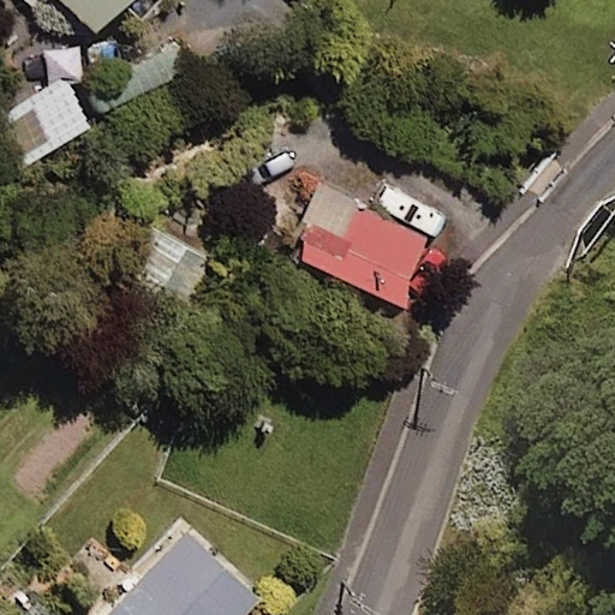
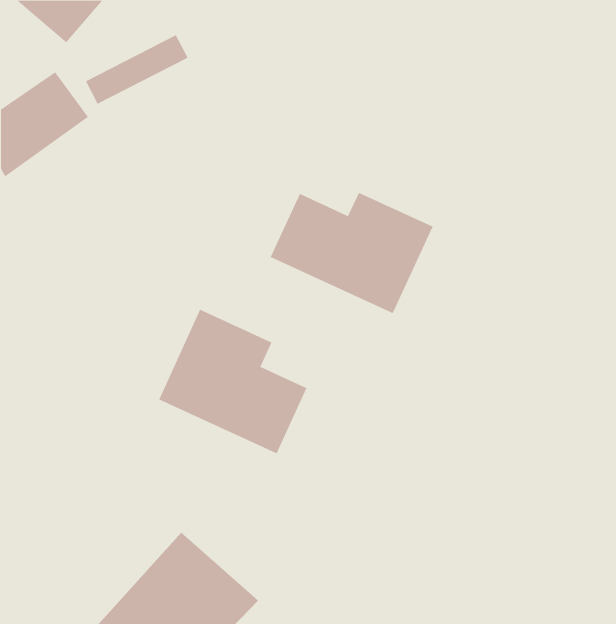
building: none -> [158,309,307,454]

